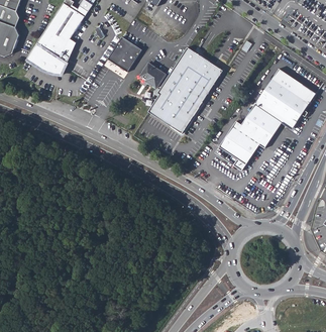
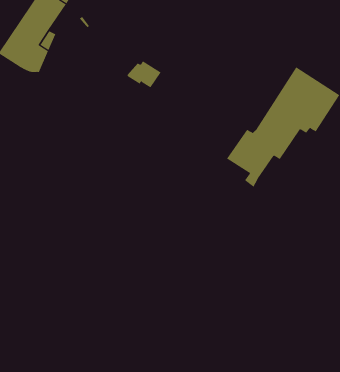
building: [106,35,140,72] -> none
building: [146,46,221,133] -> none

